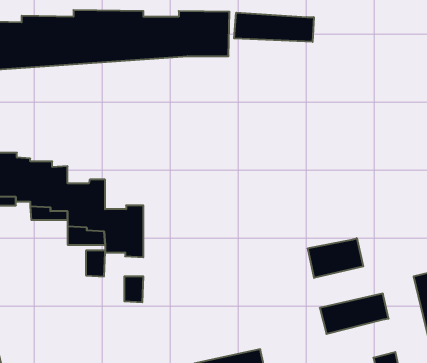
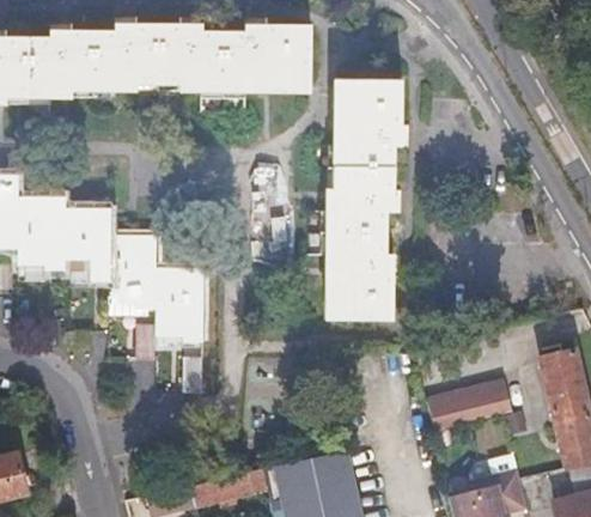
building: [234,13,314,42] -> none
building: none -> [330,85,403,322]
building: [308,238,363,278] -> none

